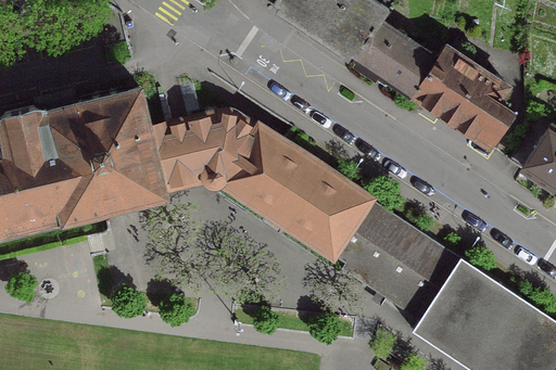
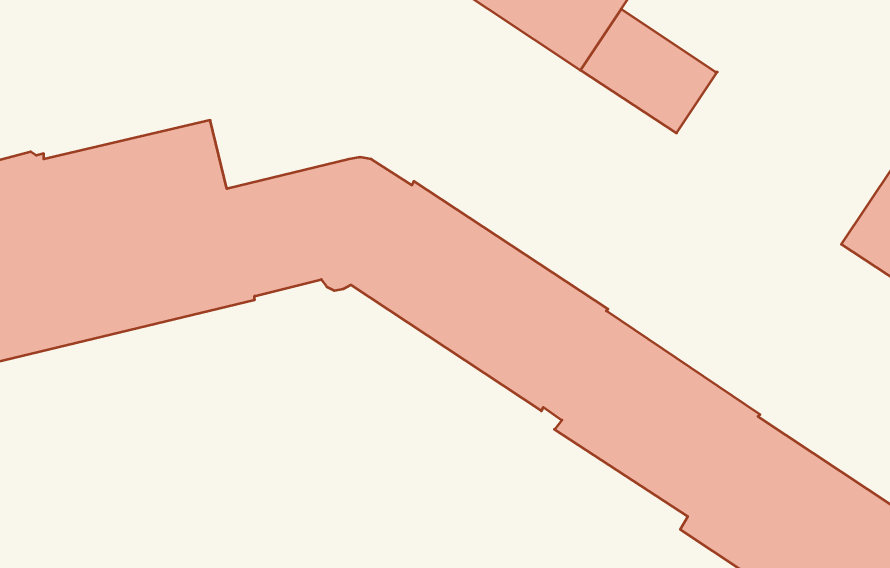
building: [414,47,514,149] -> none

